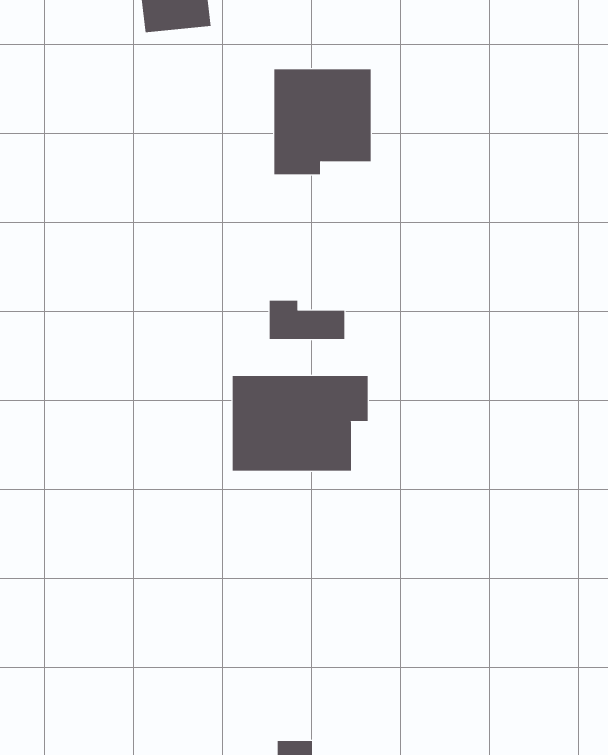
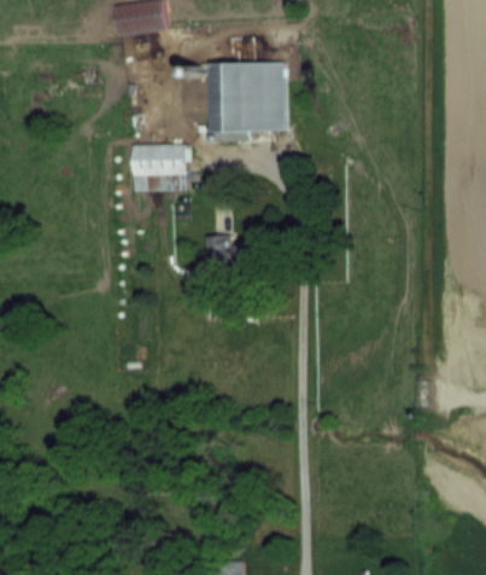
building: none -> [133,145,188,191]
building: [232,375,368,472] -> none

